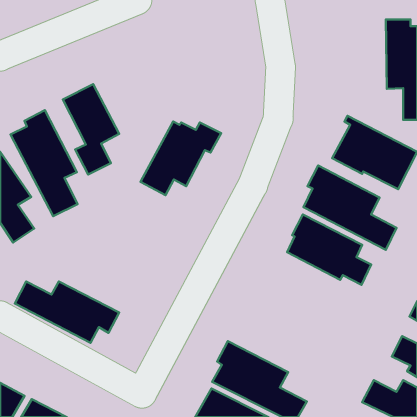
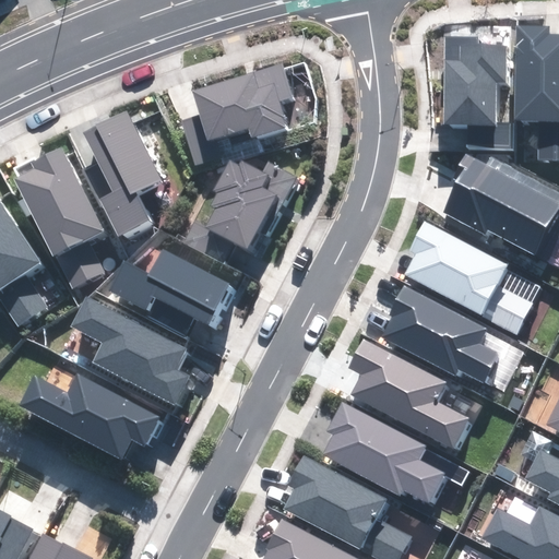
building: none -> [444,38,509,145]
building: none -> [182,66,292,164]
building: none -> [111,250,229,324]
building: none -> [72,296,189,404]
building: none -> [349,340,468,448]
building: none -> [323,403,452,506]

